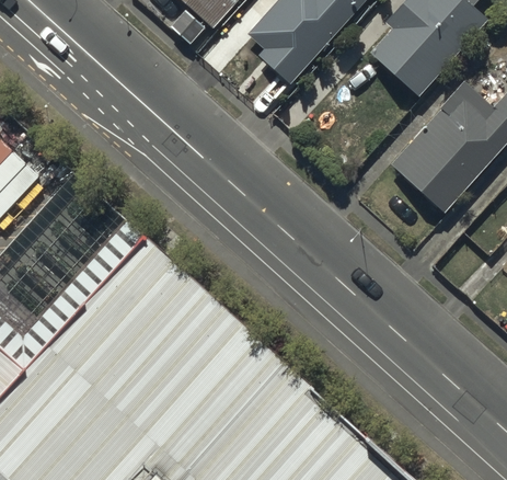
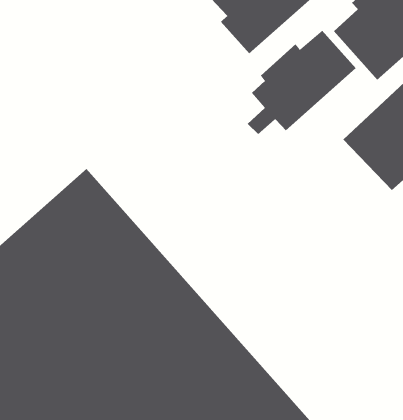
building: none -> [247,30,357,135]

